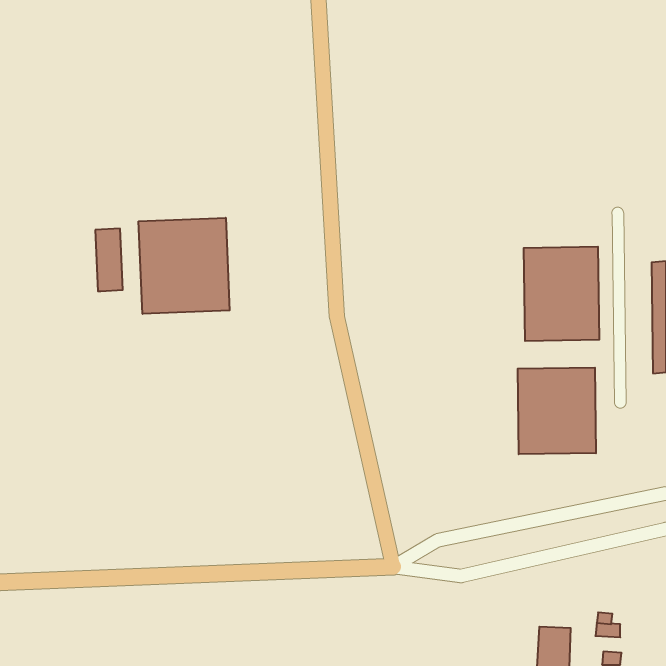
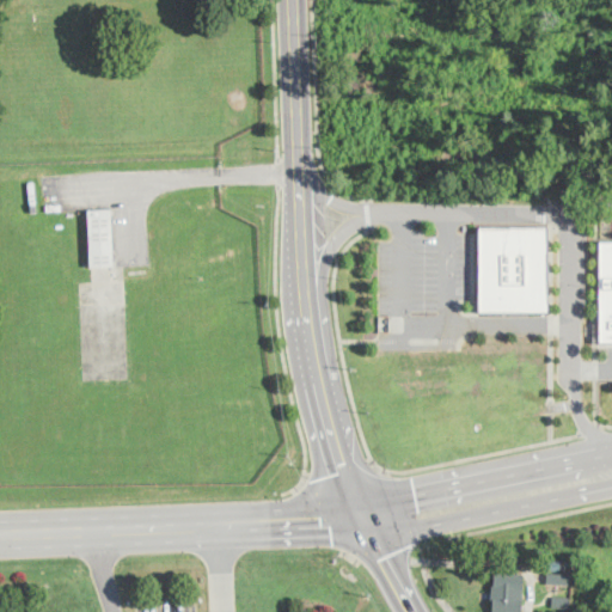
building: [139,218,230,314] -> none
building: [518,368,596,454] -> none

